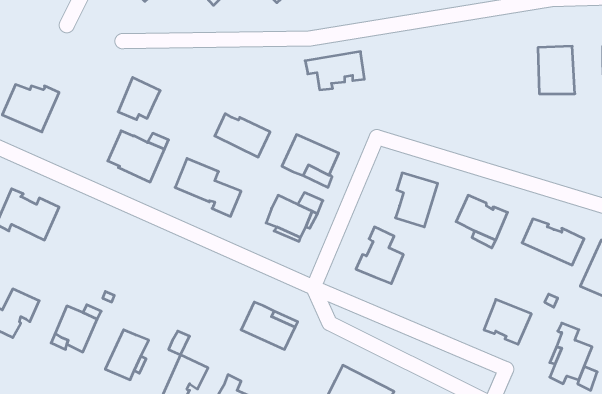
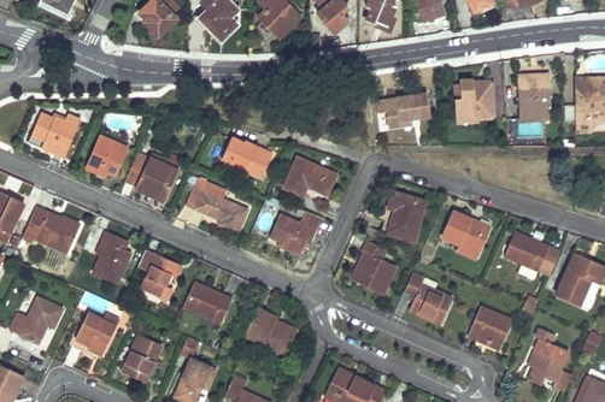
building: [305,52,364,90] -> [375,94,429,129]
building: none -> [456,83,492,124]
building: [118,77,160,120] -> [87,136,125,175]
building: none -> [93,231,130,283]
building: none -> [137,250,181,298]
building: none -> [404,276,452,323]
building: none -> [183,280,231,321]

